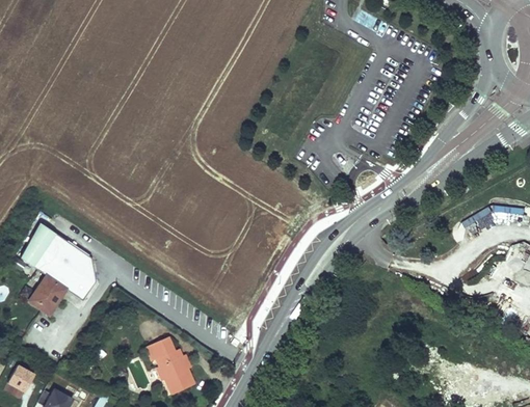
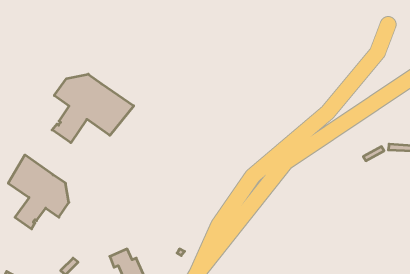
building: none -> [52,74,134,143]

